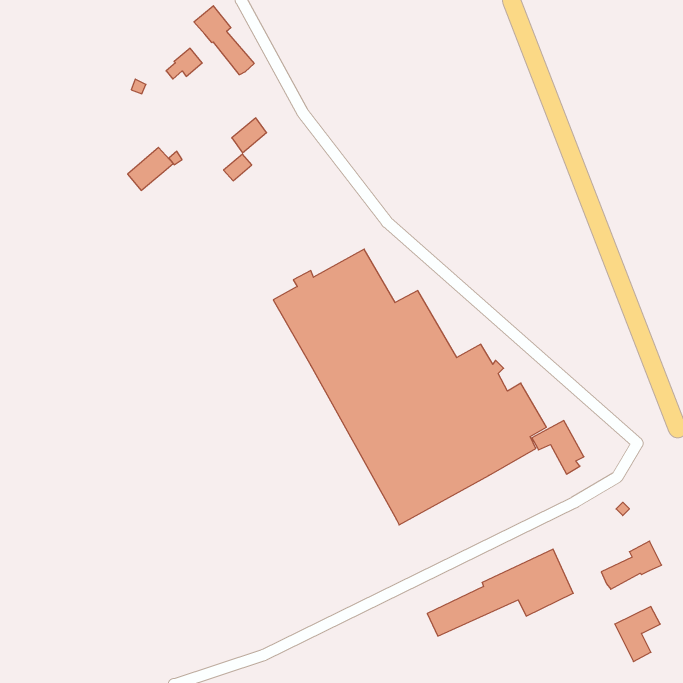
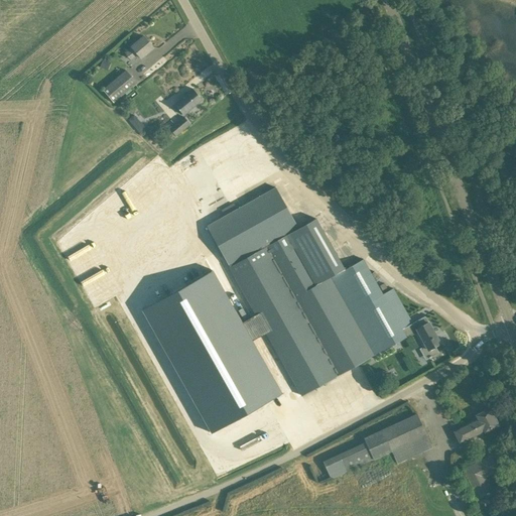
building: [194,6,254,75] -> none
building: [128,147,173,190] -> [103,71,137,103]
building: none -> [147,267,284,427]

